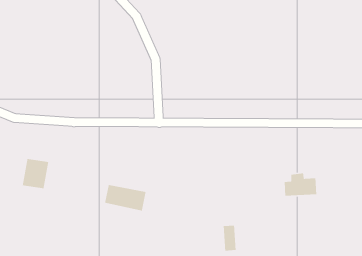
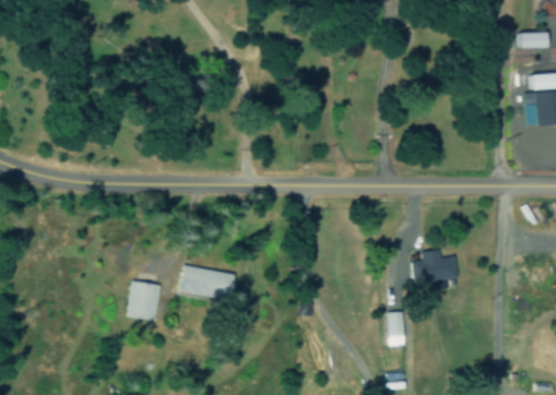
building: [22,158,49,189] -> [127,282,163,322]
building: [223,225,236,251] -> [388,312,405,347]

